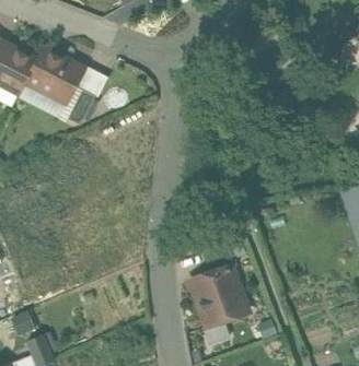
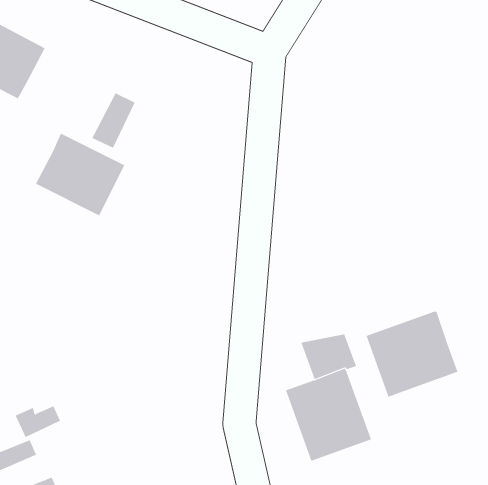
building: [26,48,84,102] -> [35,133,125,216]
building: none -> [366,311,458,398]

